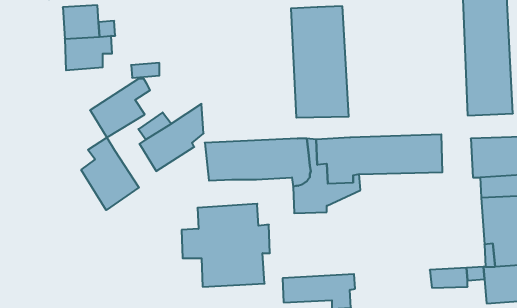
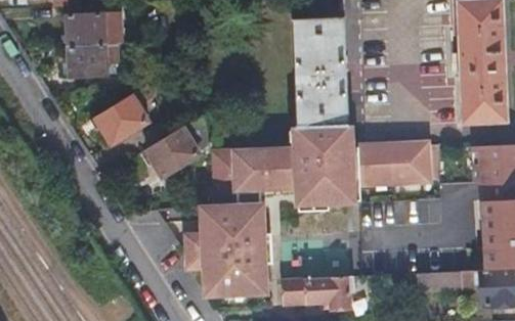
building: none -> [296,124,348,146]
building: [81,138,139,210] -> none
building: none -> [199,185,267,230]

